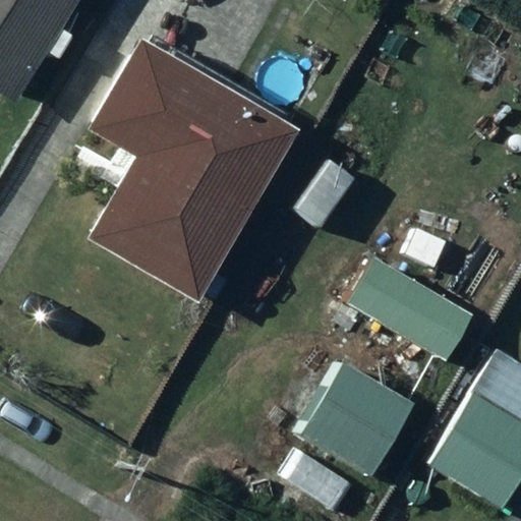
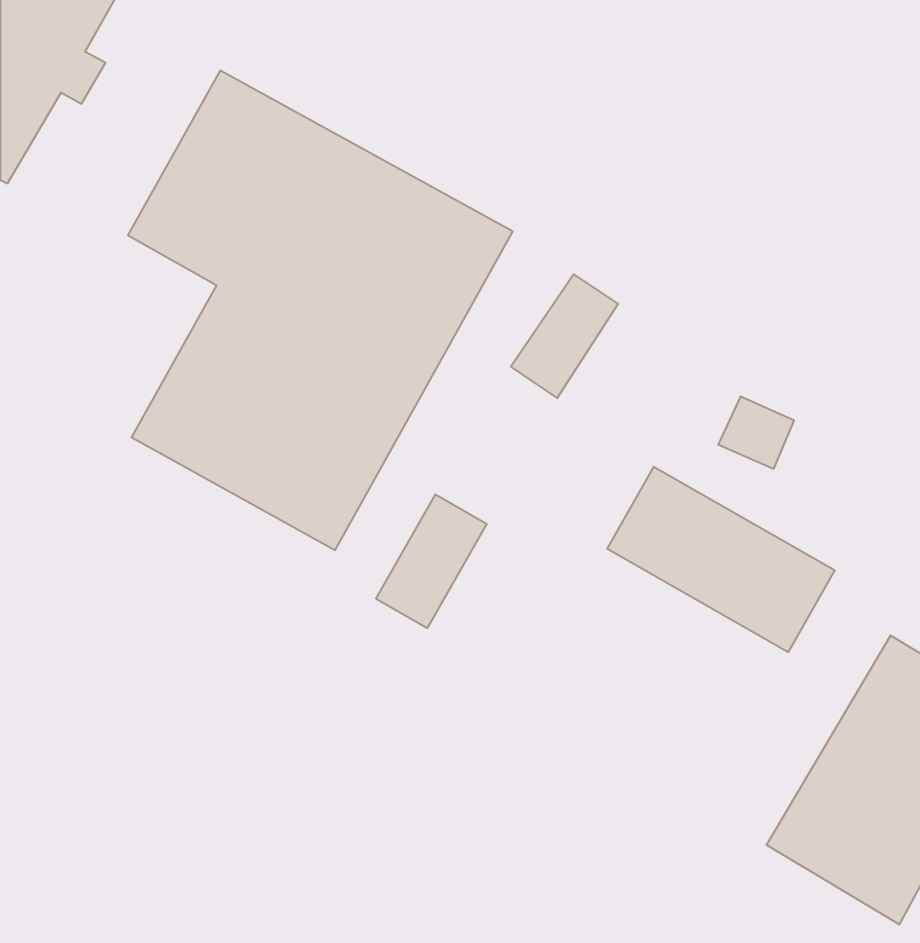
building: [303,361,415,475] -> none

